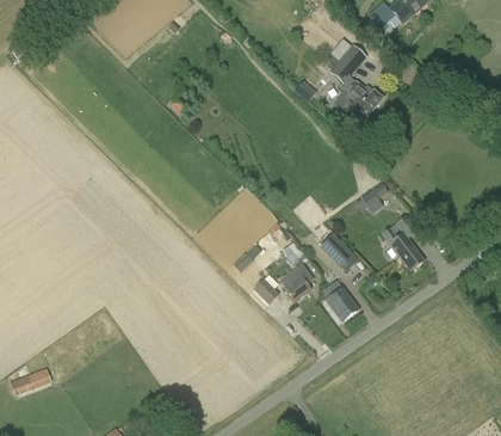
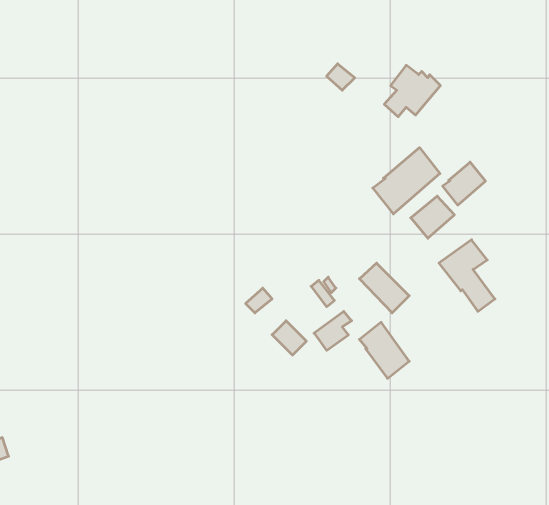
building: [329,37,366,84] -> none
building: none -> [373,148,440,214]
building: none -> [443,162,485,205]

